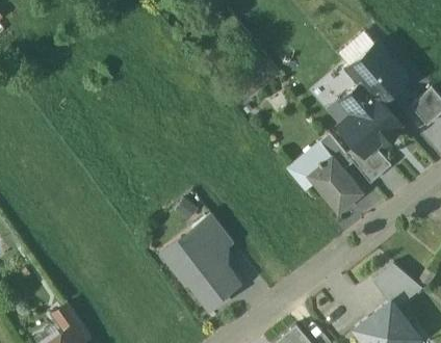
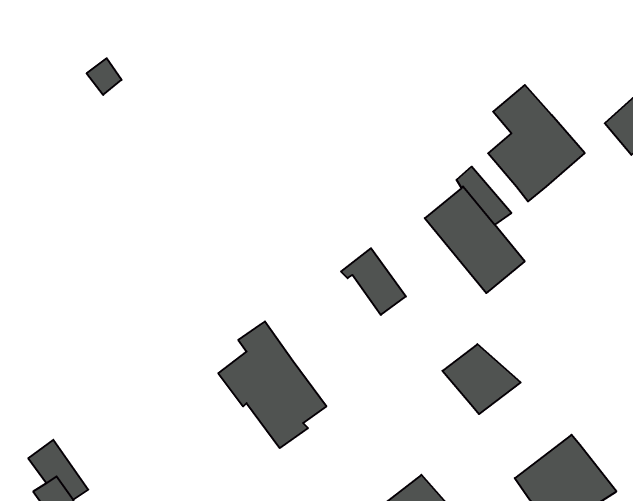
building: [349,43,407,101] -> none
building: [347,146,392,183] -> none
building: [192,213,233,255] -> [341,248,406,315]
building: [373,263,422,307] -> [442,344,521,414]

